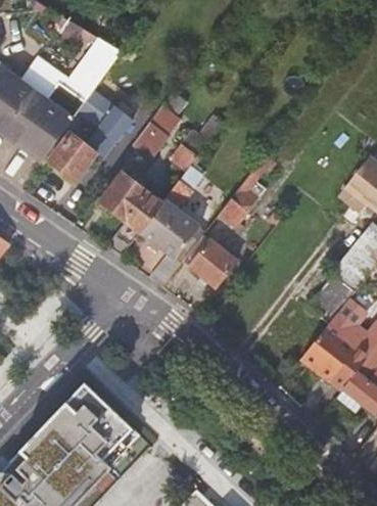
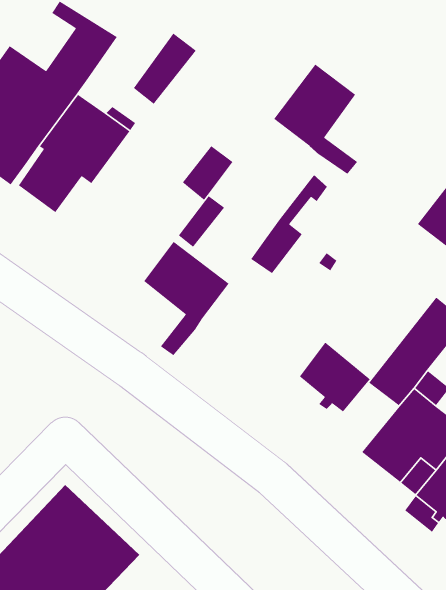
building: none -> [272,63,358,175]
building: [131,108,178,162] -> [133,32,197,105]
building: [101,170,161,259] -> none
building: [185,234,238,286] -> [299,342,371,412]

